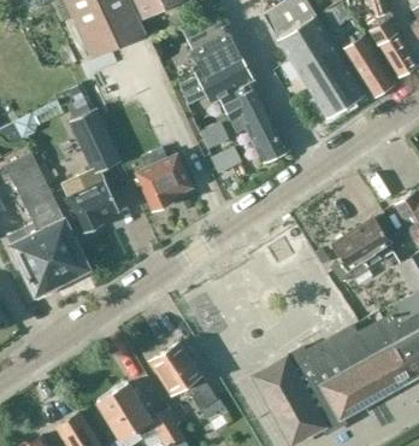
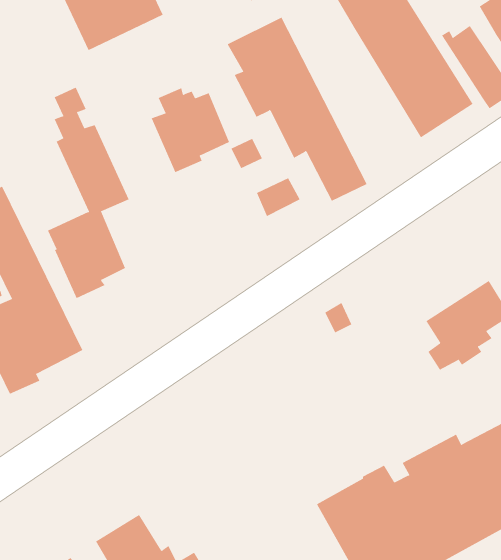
building: [137,151,193,211] -> [151,87,230,173]
building: [152,344,217,410] -> none

